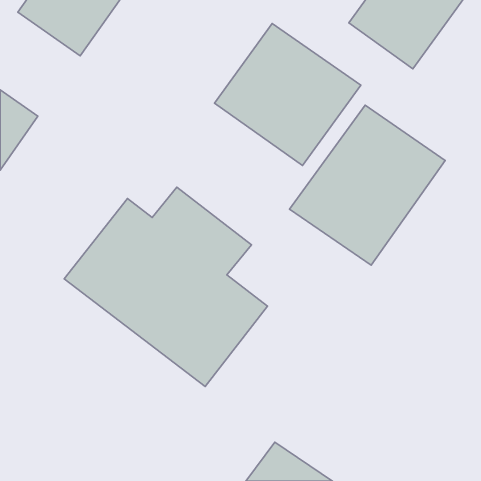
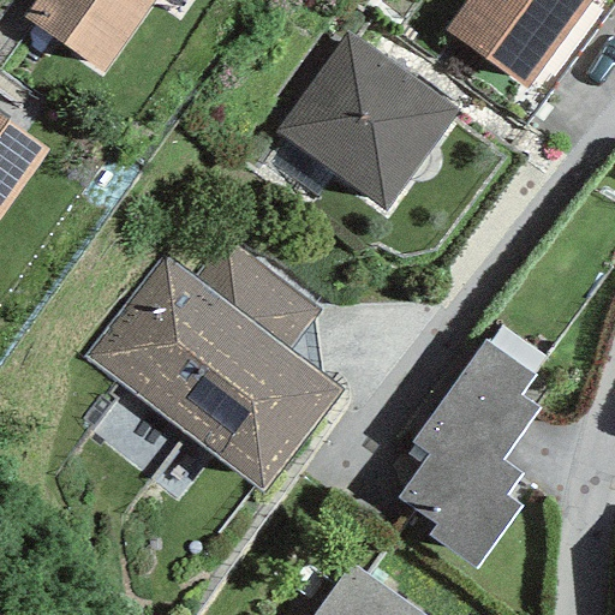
building: [290,105,445,265] -> none
building: none -> [399,339,542,569]

